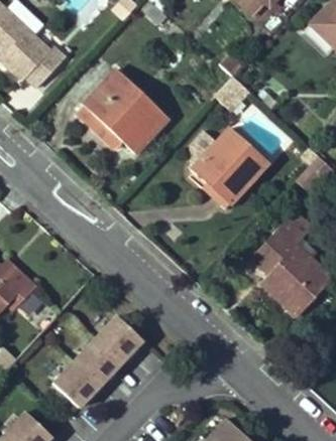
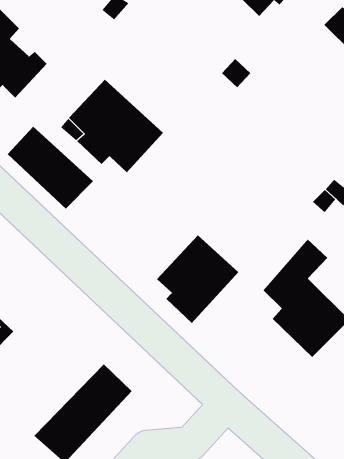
building: none -> [7,126,94,210]
building: [194,130,266,208] -> [156,234,239,324]

